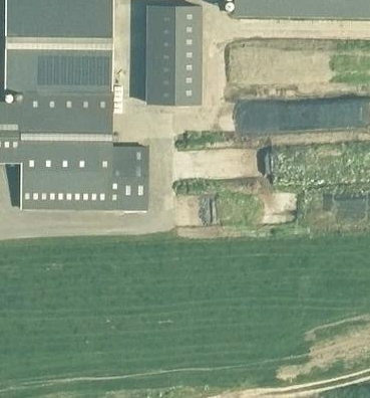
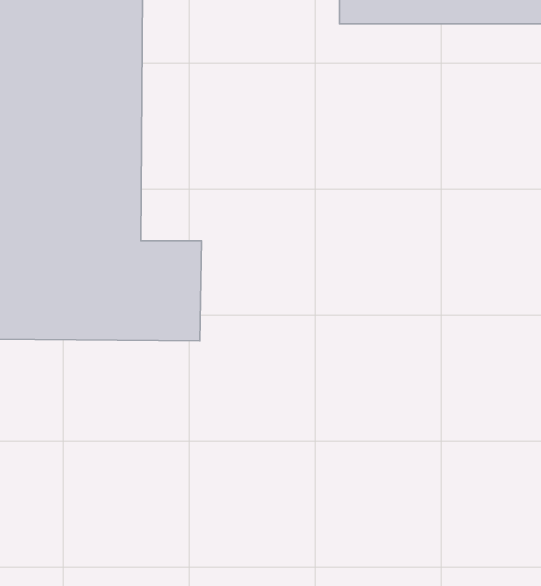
building: [147,6,201,105] -> none

